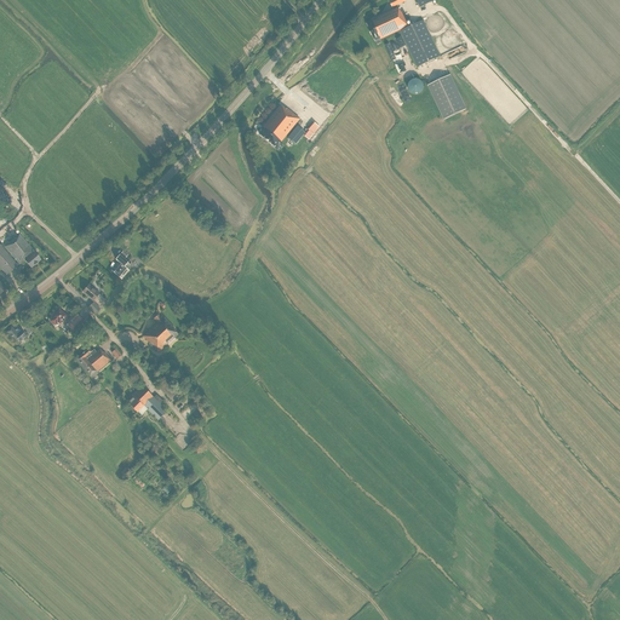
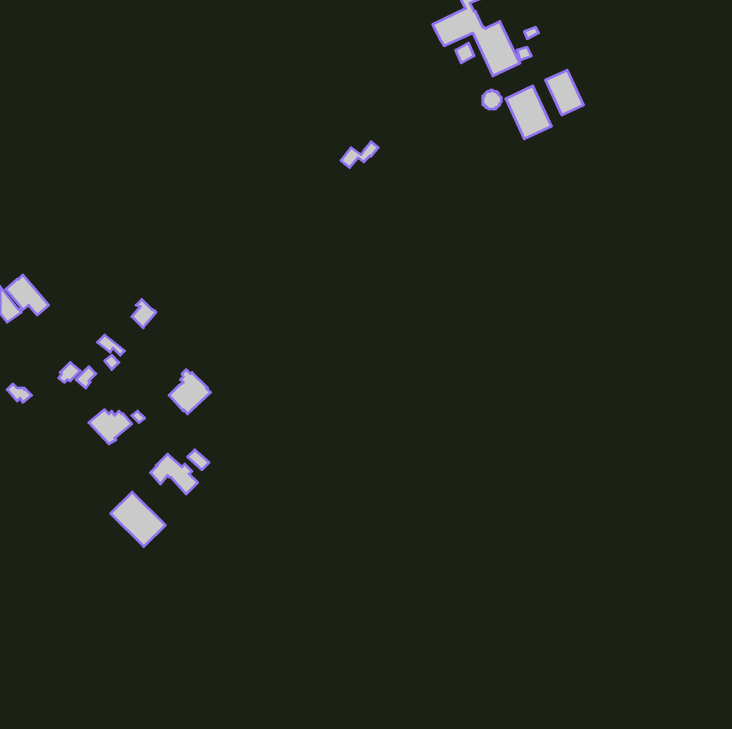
building: none -> [546,70,583,115]
building: [259,103,299,144] -> none
building: none -> [111,492,165,547]

